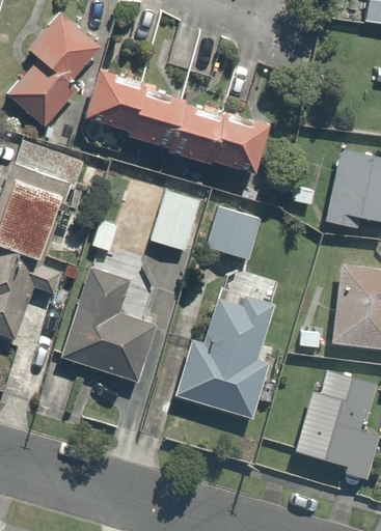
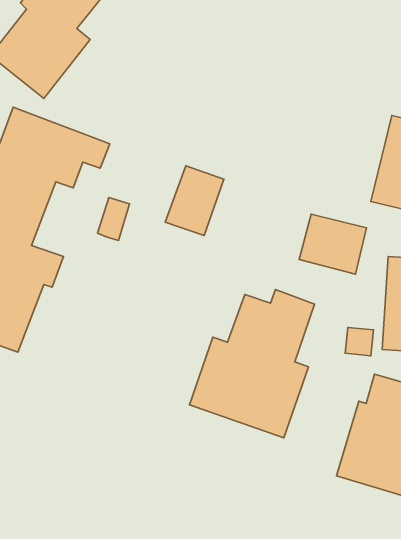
building: [85,73,267,173] -> none
building: [208,208,265,259] -> [299,214,366,274]
building: [62,257,161,383] -> none

